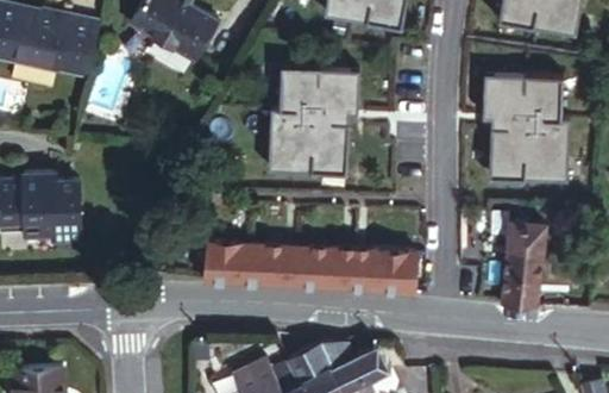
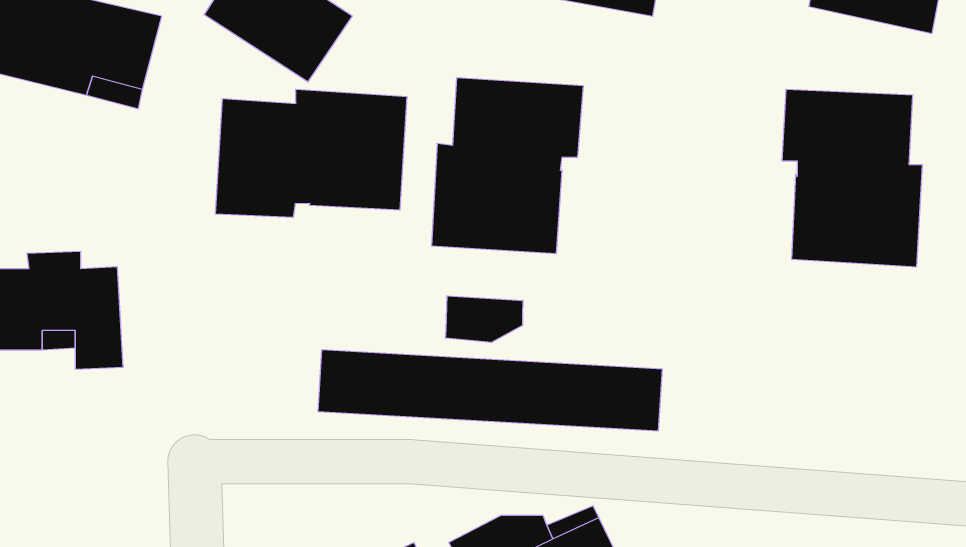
building: none -> [215,89,407,218]
building: none -> [446,296,523,343]
building: [504,224,540,306] -> none

